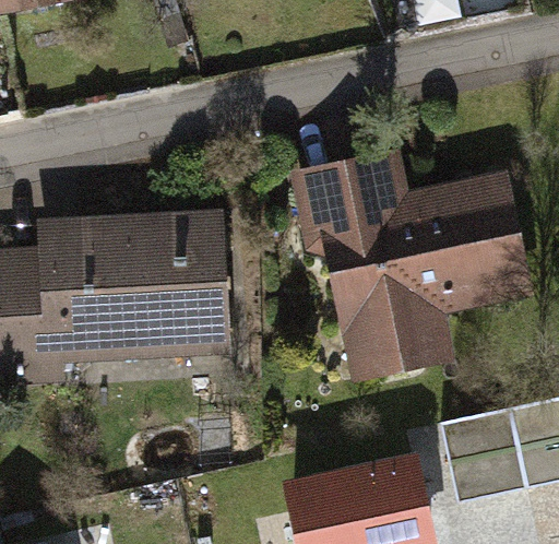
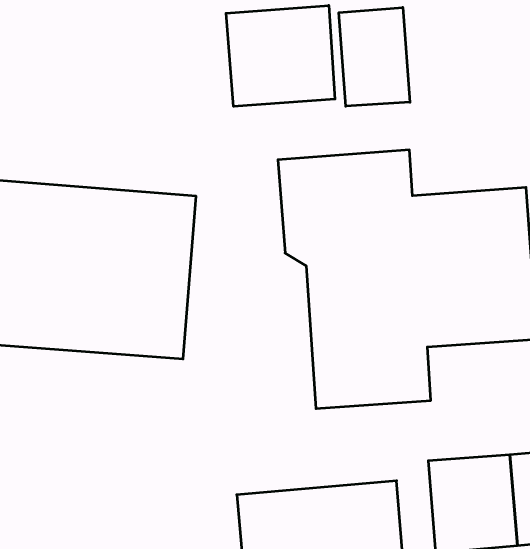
building: none -> [339,7,410,106]
building: none -> [226,5,335,106]

